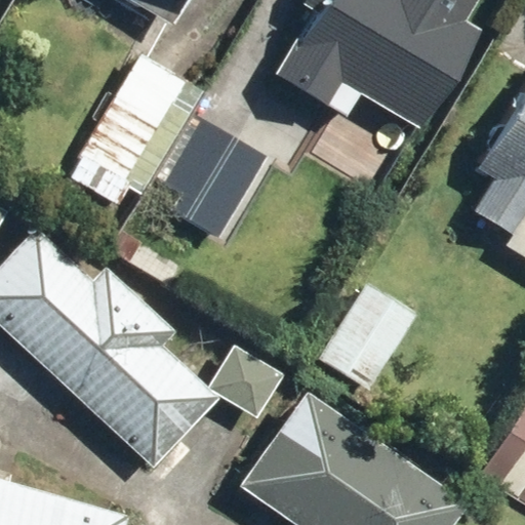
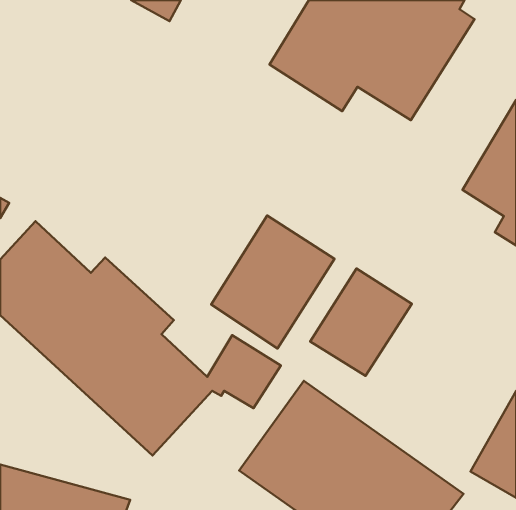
building: [71,49,194,205] -> none
building: [160,114,264,236] -> none
building: none -> [211,216,335,348]

